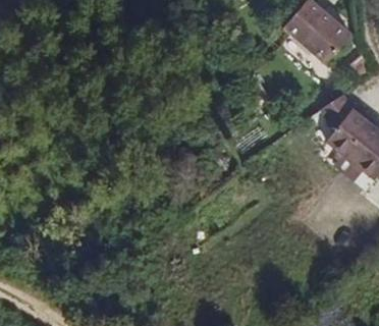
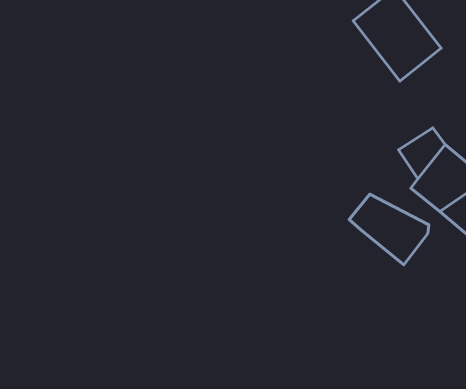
building: none -> [349,194,429,265]

